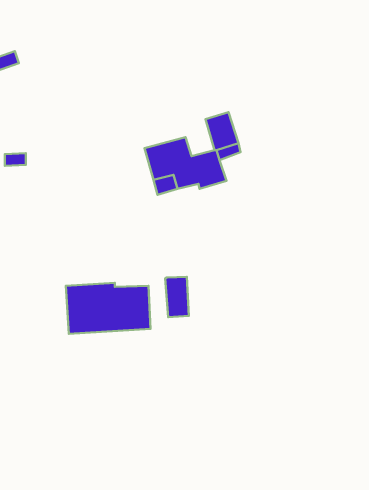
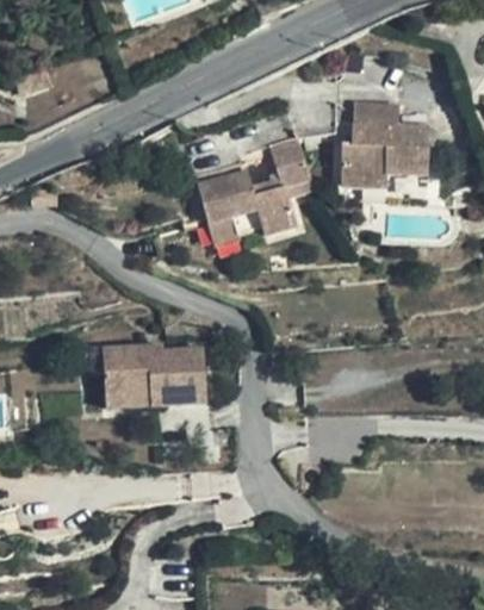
building: none -> [340,102,428,183]
building: [165,277,189,317] -> none

